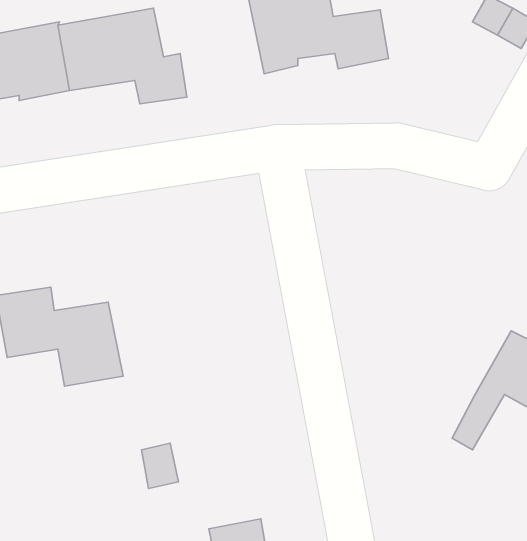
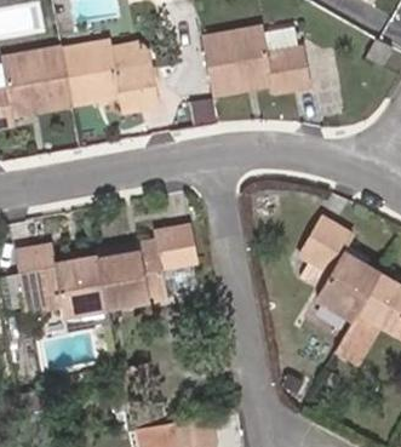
building: none -> [305,220,386,326]
building: none -> [96,231,196,311]

